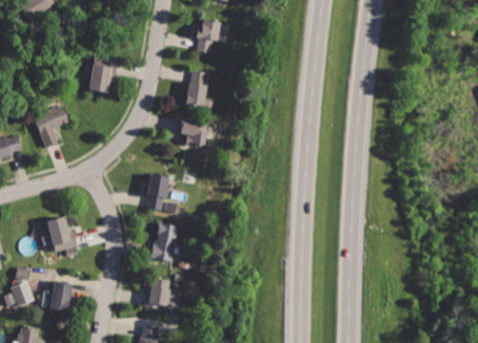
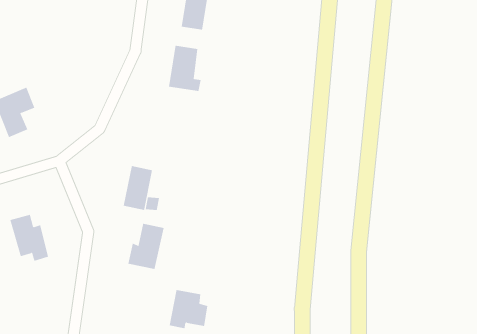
building: [88,58,117,94] -> none
building: [179,117,208,150] -> none
building: [144,276,178,310] -> [169,290,208,329]
building: [48,279,73,313] -> none

